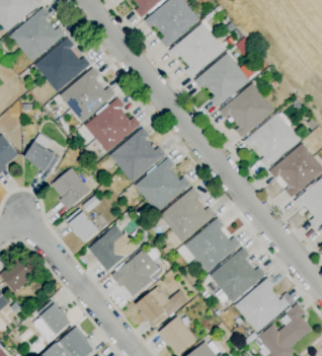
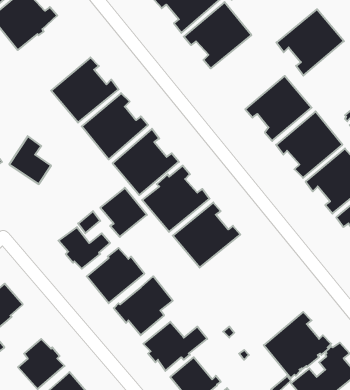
building: [35,38,90,91] -> none
building: [194,53,250,108] -> [276,9,344,76]
building: [52,168,90,209] -> [100,188,147,237]
building: [185,217,240,272] -> none
building: [210,247,265,303] -> none

